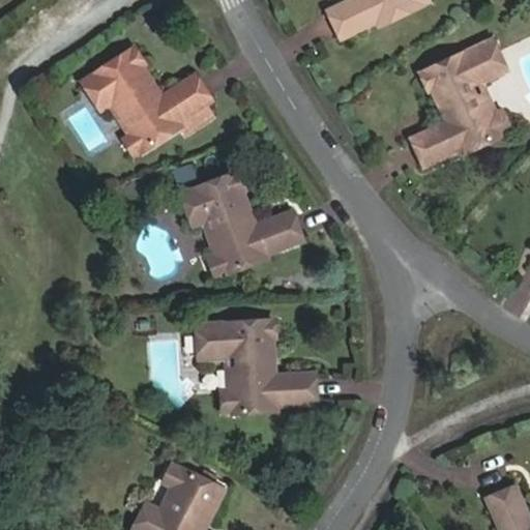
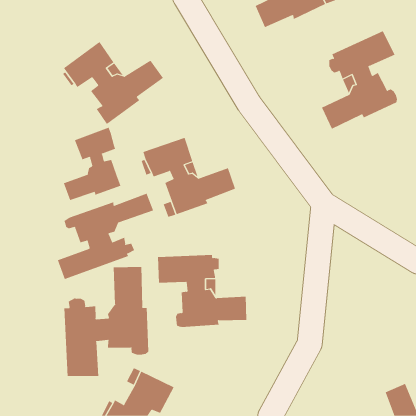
building: none -> [63,127,121,201]
building: none -> [57,193,154,280]
building: none -> [64,266,149,377]

